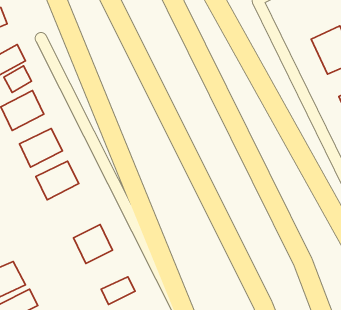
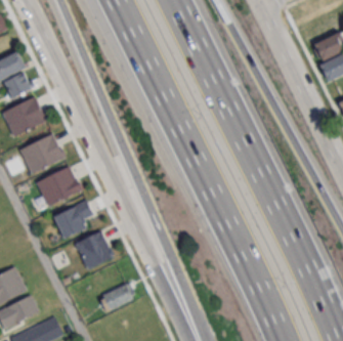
building: none -> [54,200,92,238]

